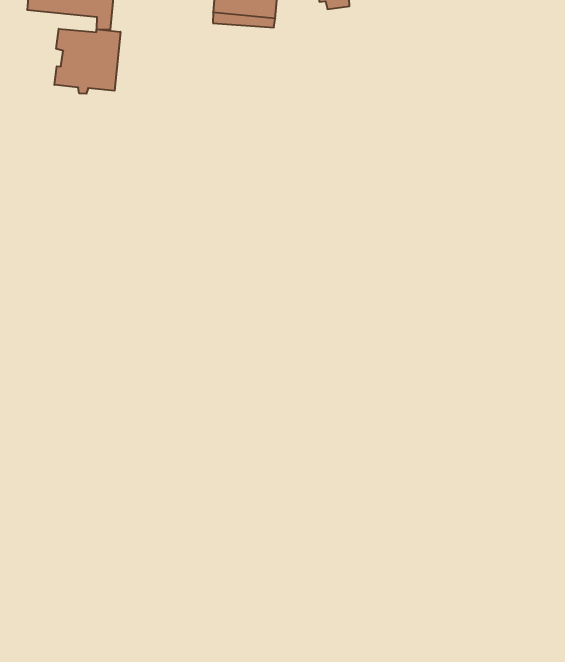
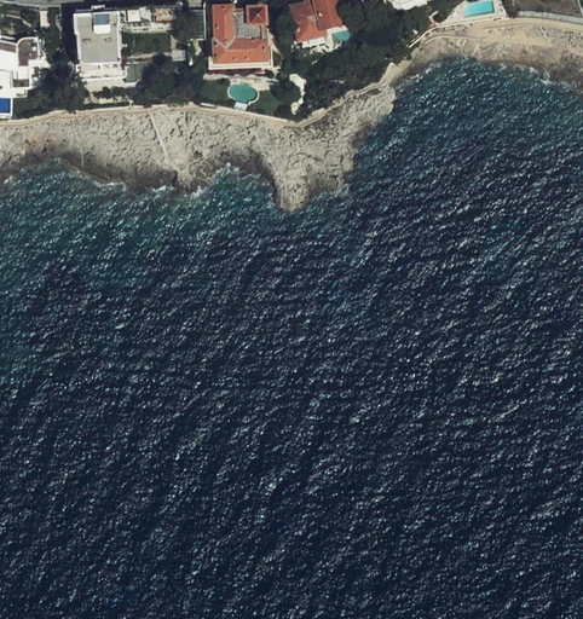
building: [54,29,120,94] -> none

